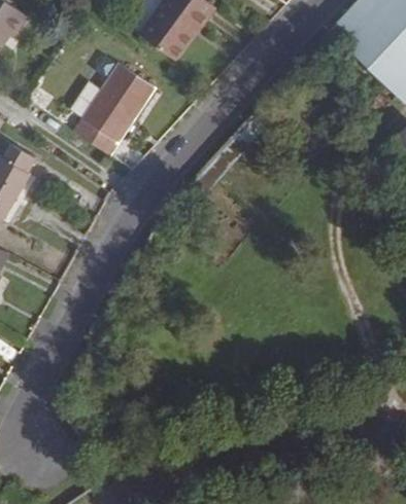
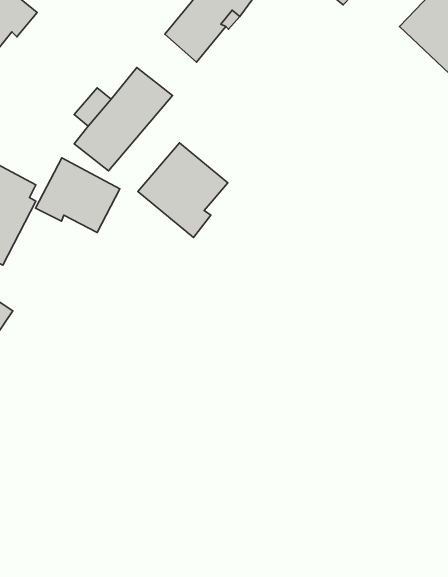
building: none -> [138,143,228,237]
building: none -> [35,158,120,233]

